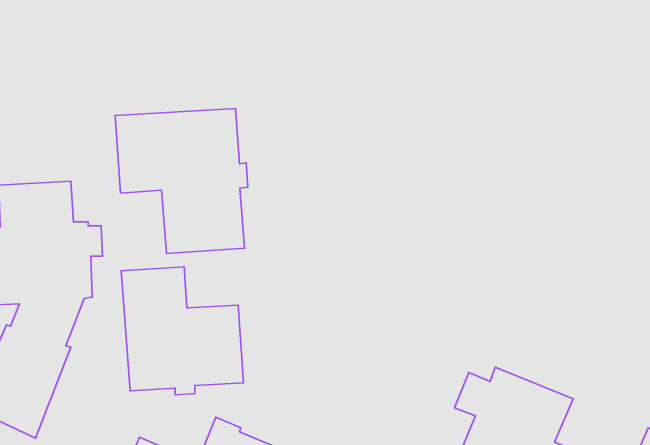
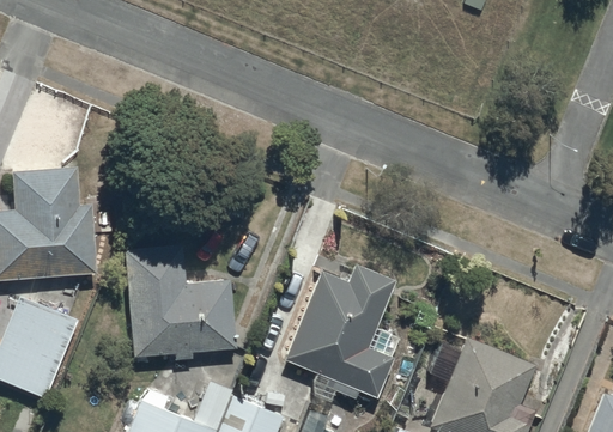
building: [115,109,248,253] -> none
building: none -> [283,263,394,400]

